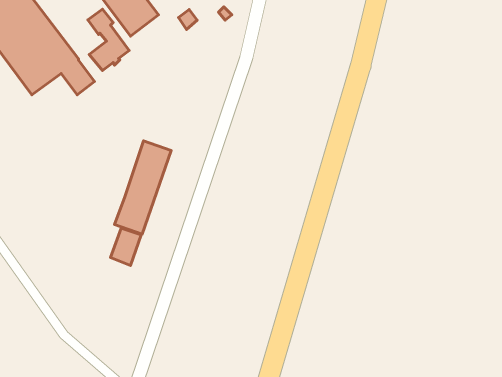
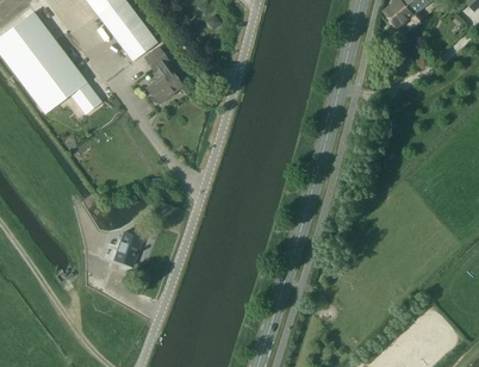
building: [88,9,129,70] -> [145,48,182,102]
building: [115,141,171,234] -> none

